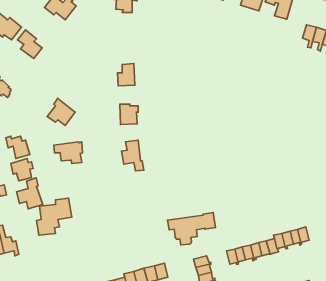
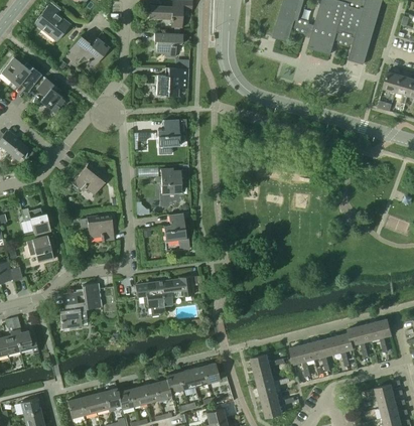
building: none -> [156,67,188,96]
building: [16,178,43,209] -> none
building: [168,213,216,245] -> [136,276,194,315]

